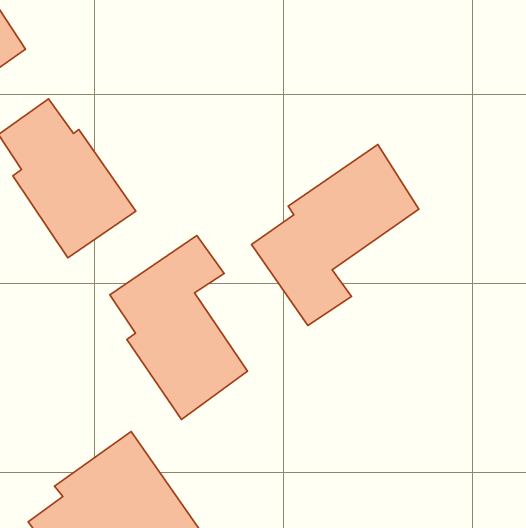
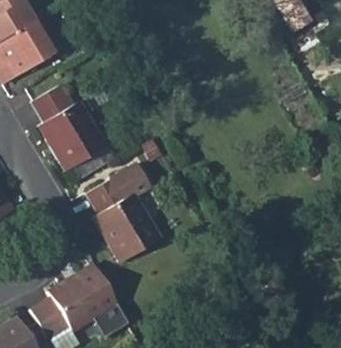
building: [252,145,419,326] -> none

